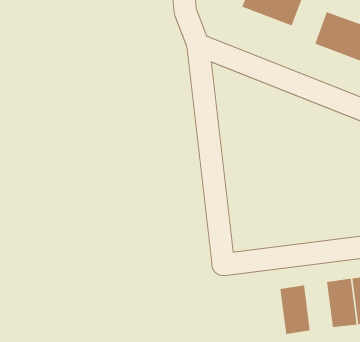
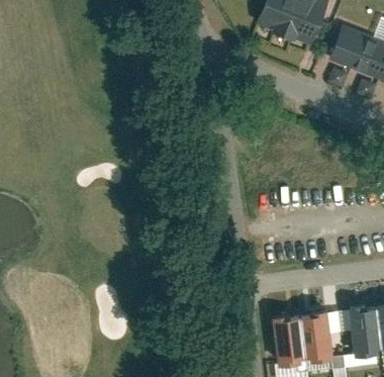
building: none -> [273,316,305,367]

